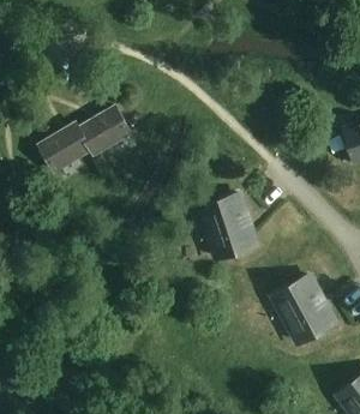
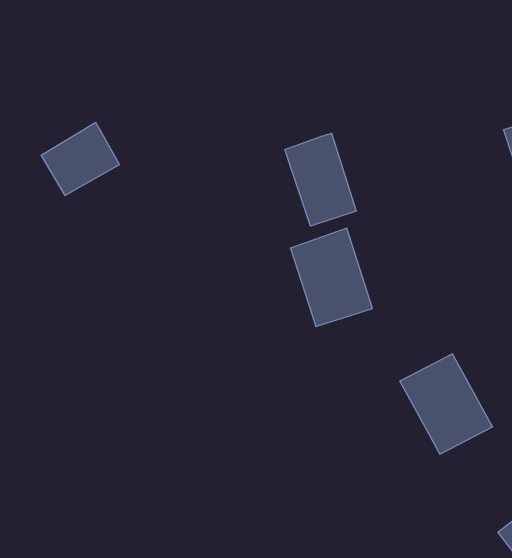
building: [77,108,128,156] -> none
building: none -> [285,133,356,226]

